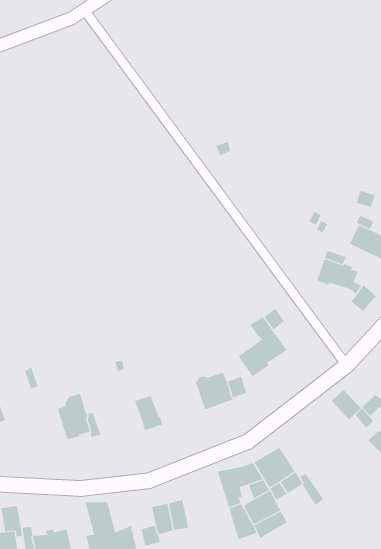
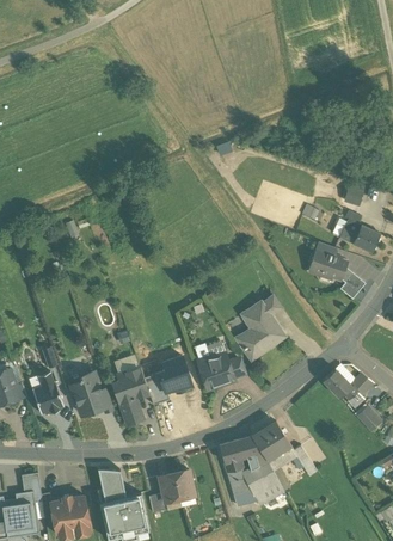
building: none -> [156,356,191,393]
building: none -> [115,368,149,425]
building: none -> [32,371,65,414]

